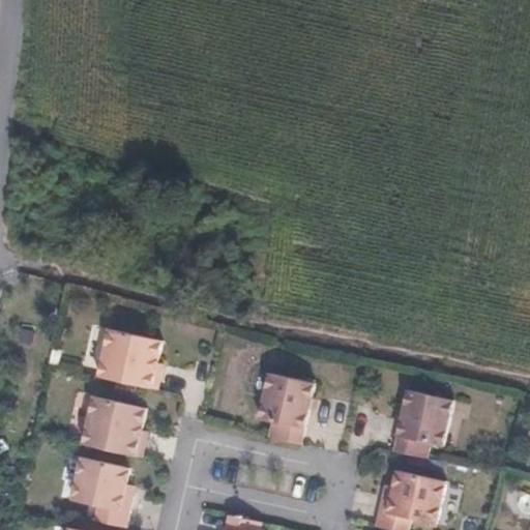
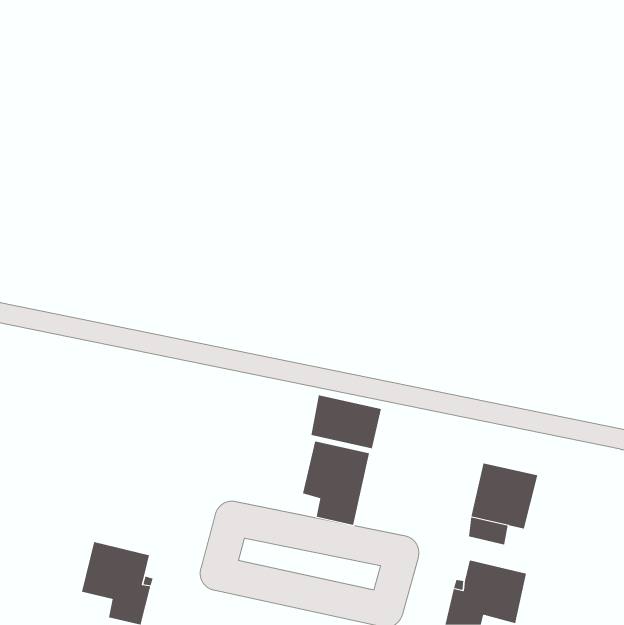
building: [95,328,158,388] -> none
building: none -> [311,394,381,449]
building: [80,396,142,457] -> none

